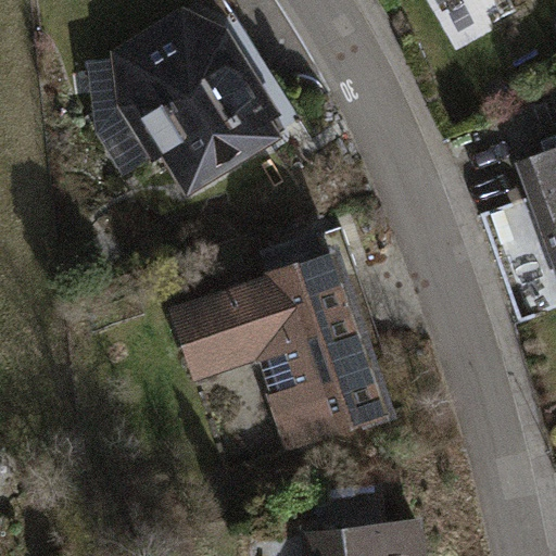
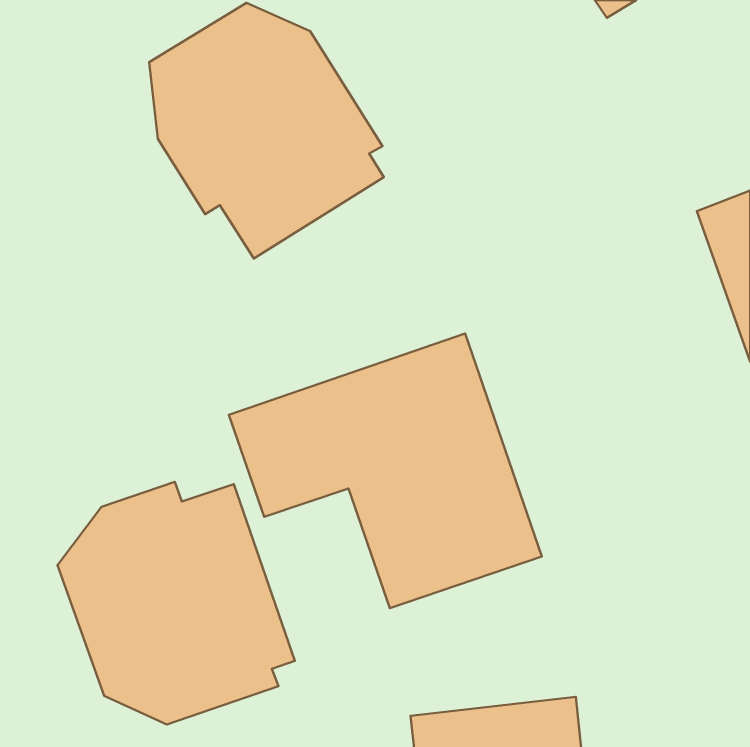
building: none -> [58,482,295,725]

